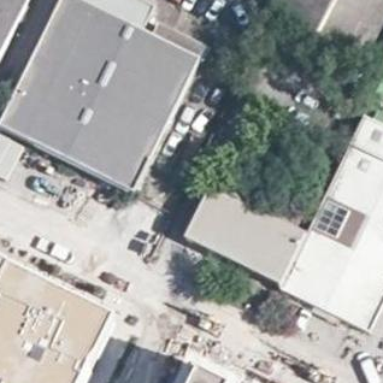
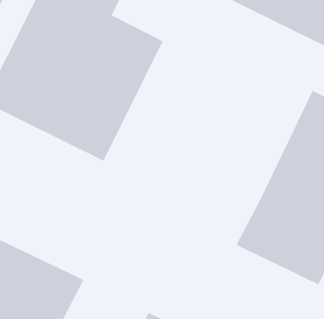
building: [184,185,306,283] -> none

